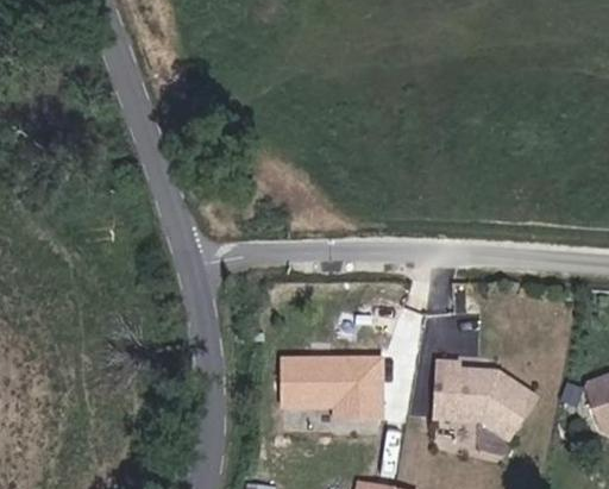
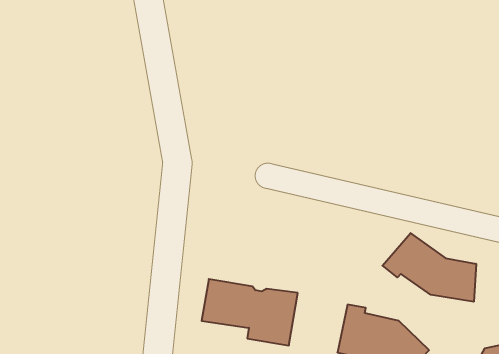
building: none -> [382,233,476,302]

